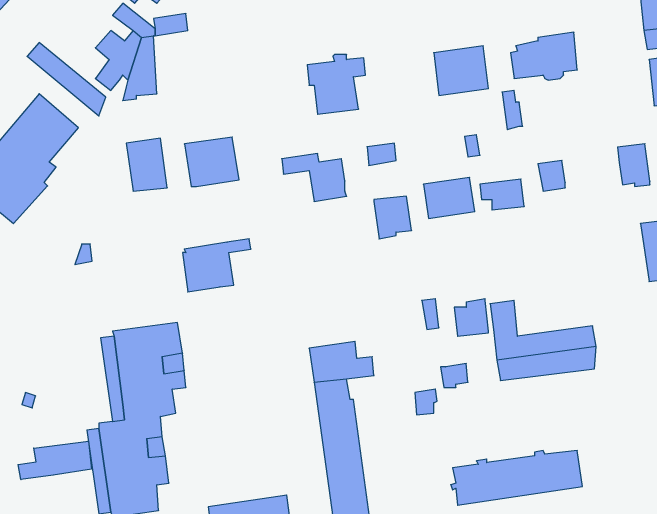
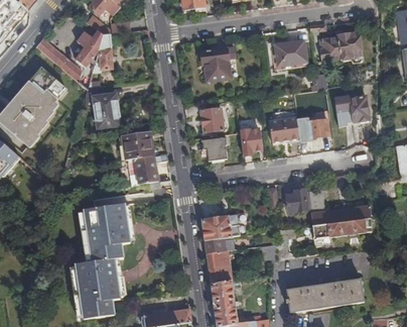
building: [184,137,239,187] -> [121,130,153,159]
building: [618,144,650,186] -> [350,96,369,121]
building: none -> [202,136,229,161]
building: [18,441,91,480] -> none

